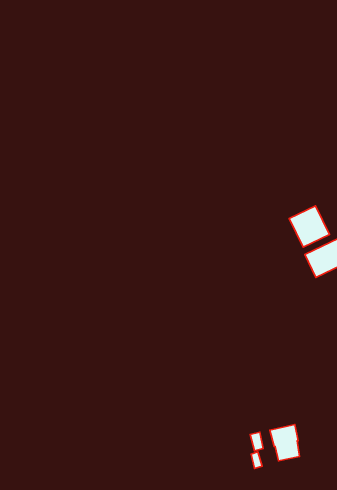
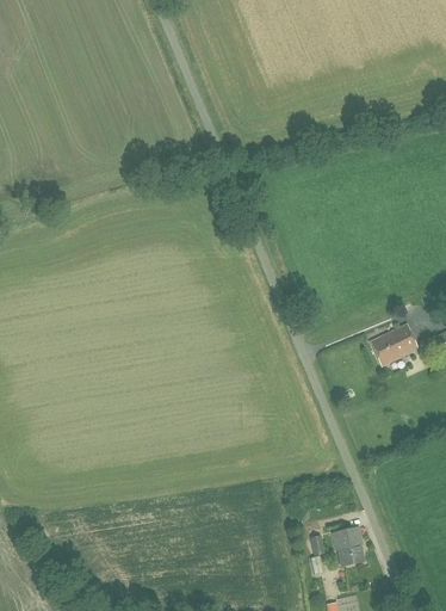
building: [289,206,330,247] -> none

